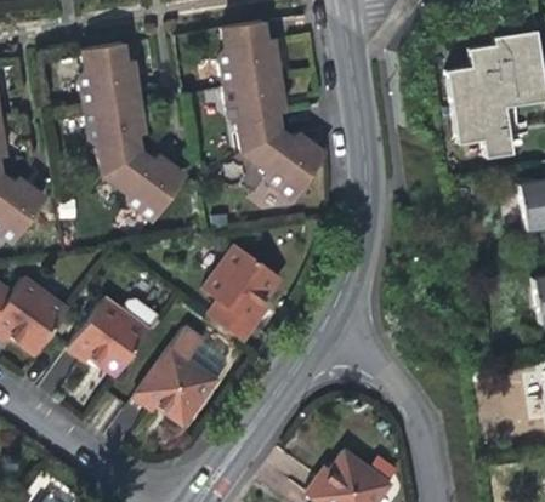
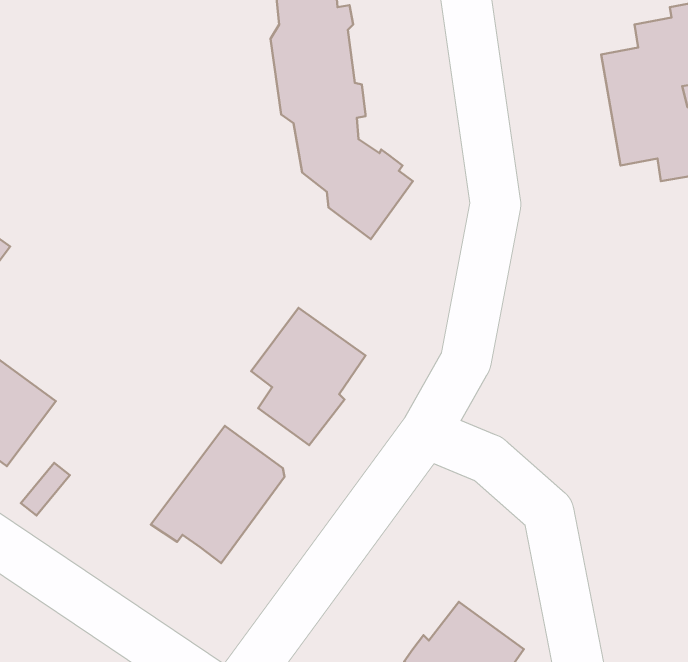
building: [79,42,177,221] -> none
building: [68,297,152,373] -> none

